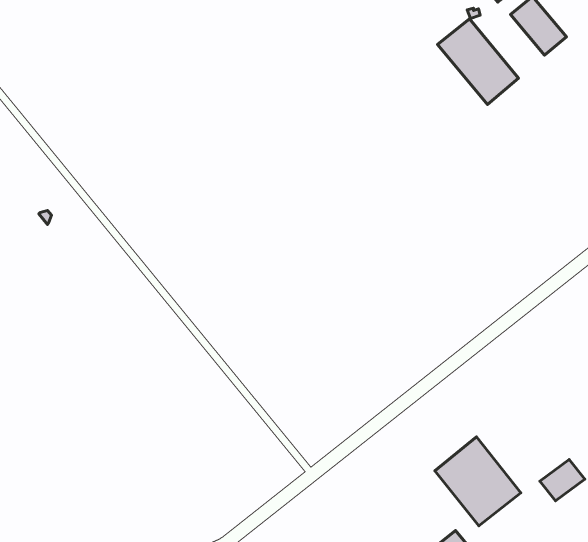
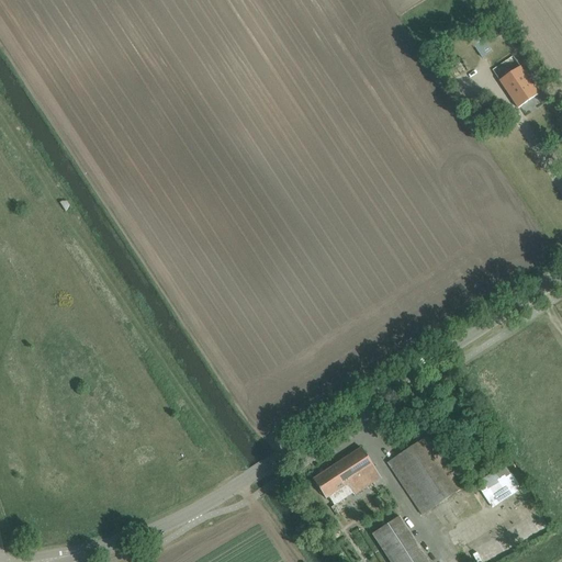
building: [437,19,518,105] -> none
building: none -> [312,447,380,504]

